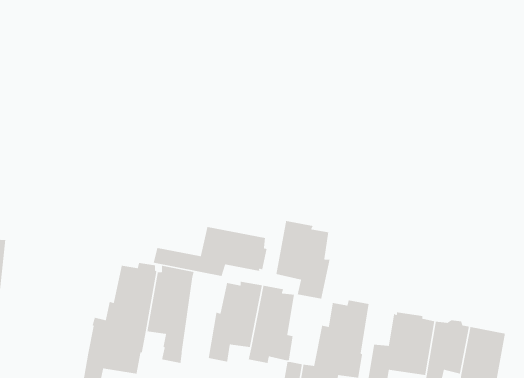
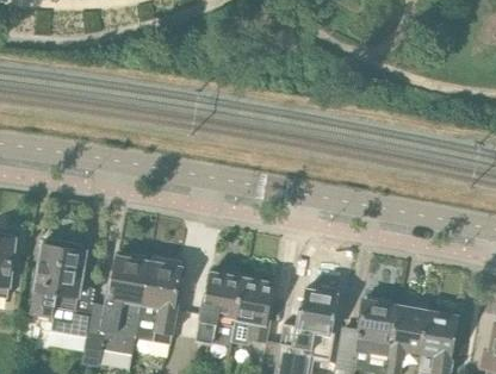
building: [276,220,330,299] -> none
building: [153,226,267,277] -> none
building: none -> [32,244,93,336]

